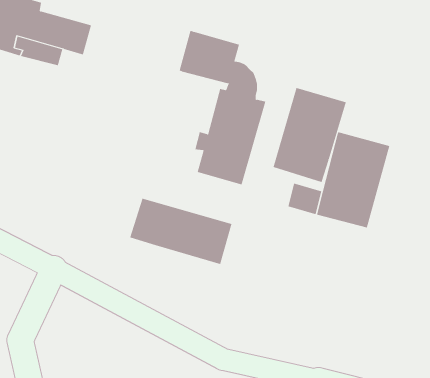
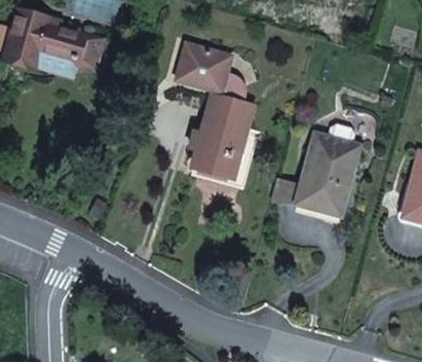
building: [273,87,347,183] -> none
building: [130,198,232,265] -> none

